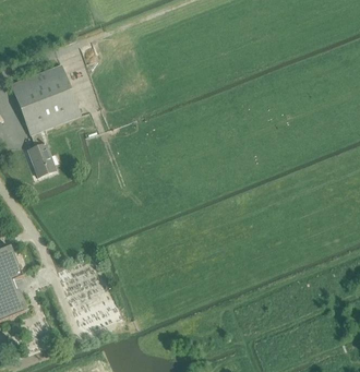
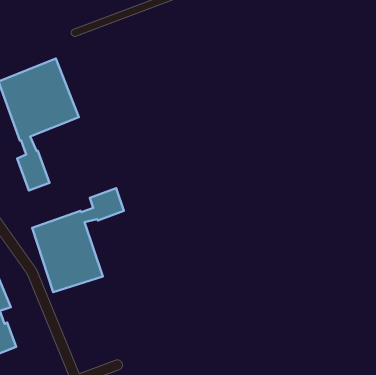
building: none -> [32,188,124,292]

